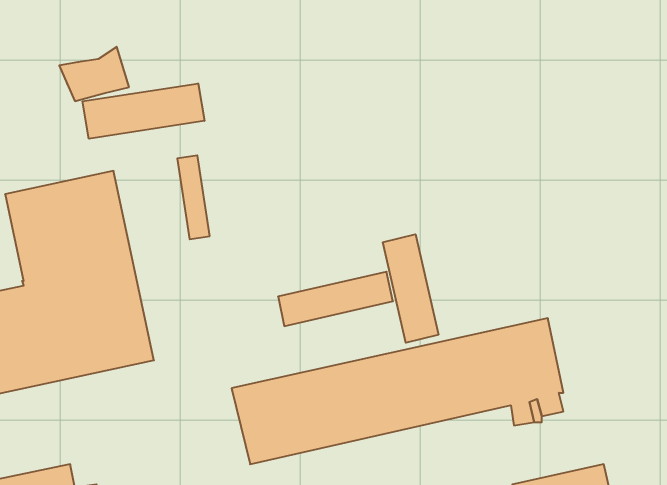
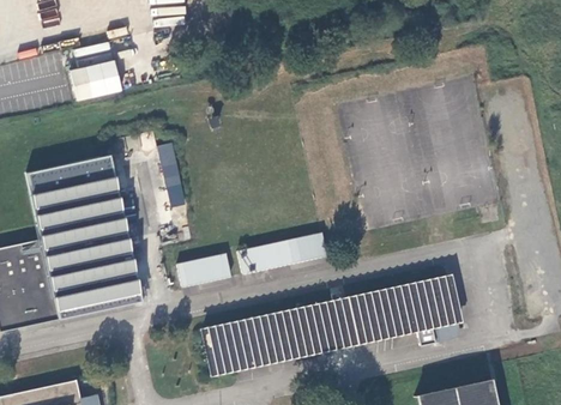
building: [83,83,204,139] -> none
building: [383,234,438,343] -> none
building: none -> [175,254,229,288]

